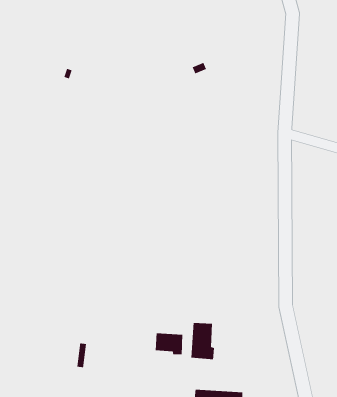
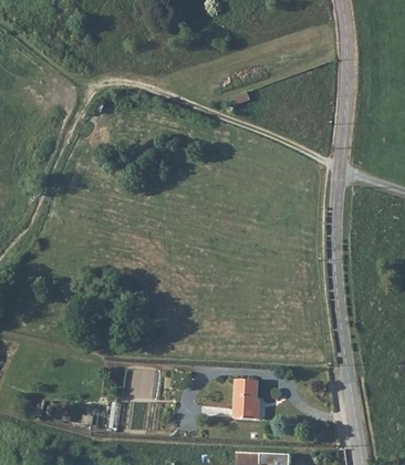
building: [155,333,183,355] -> none

